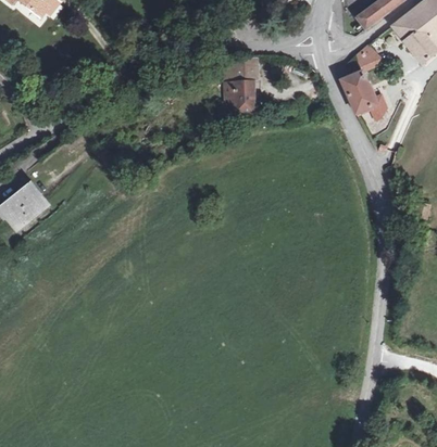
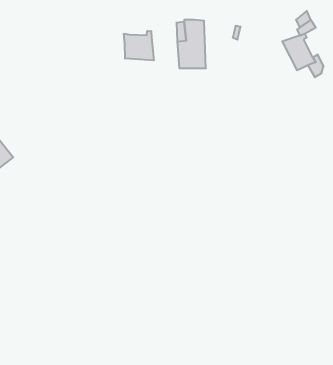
building: none -> [124,31,154,60]

